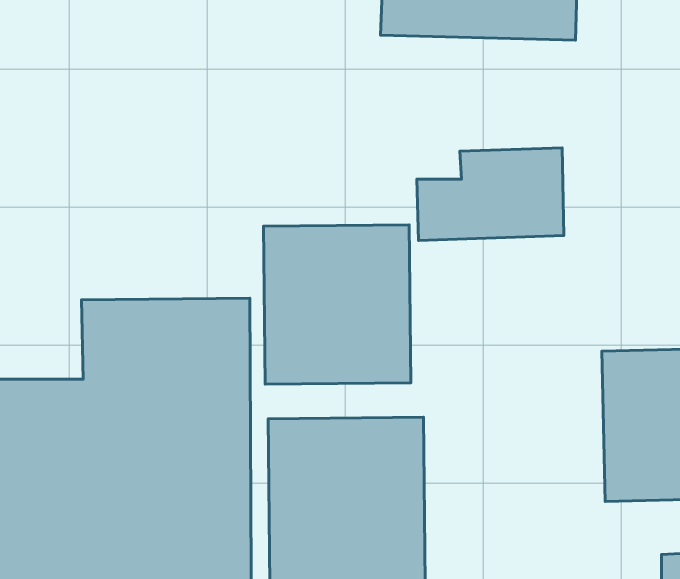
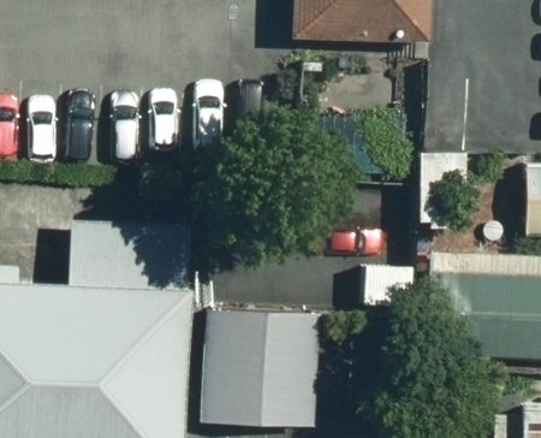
building: [264,225,411,384] -> none

